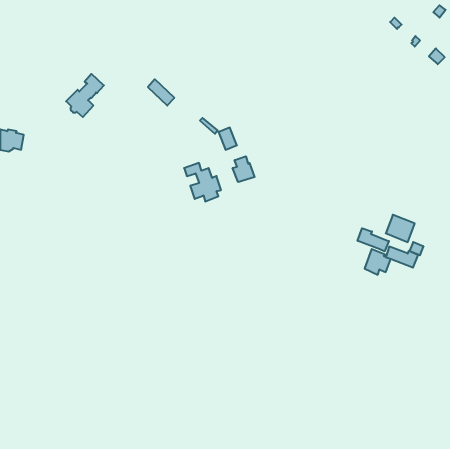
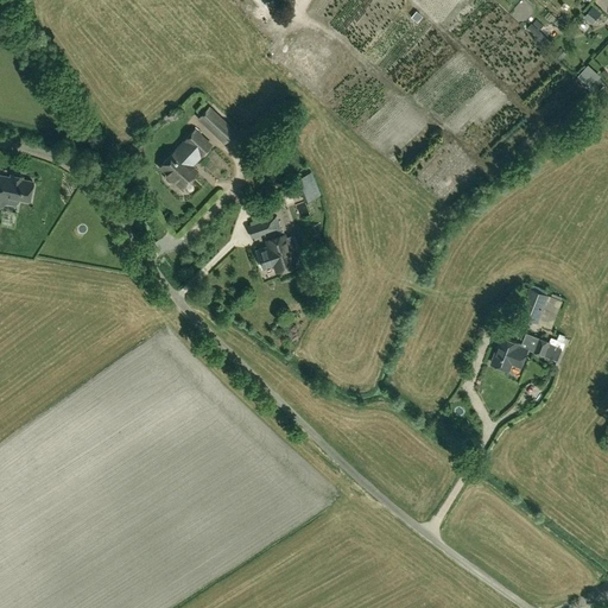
building: [66,74,104,117] -> [160,131,211,189]
building: [233,156,255,182] -> none
building: [358,228,389,251] -> none

